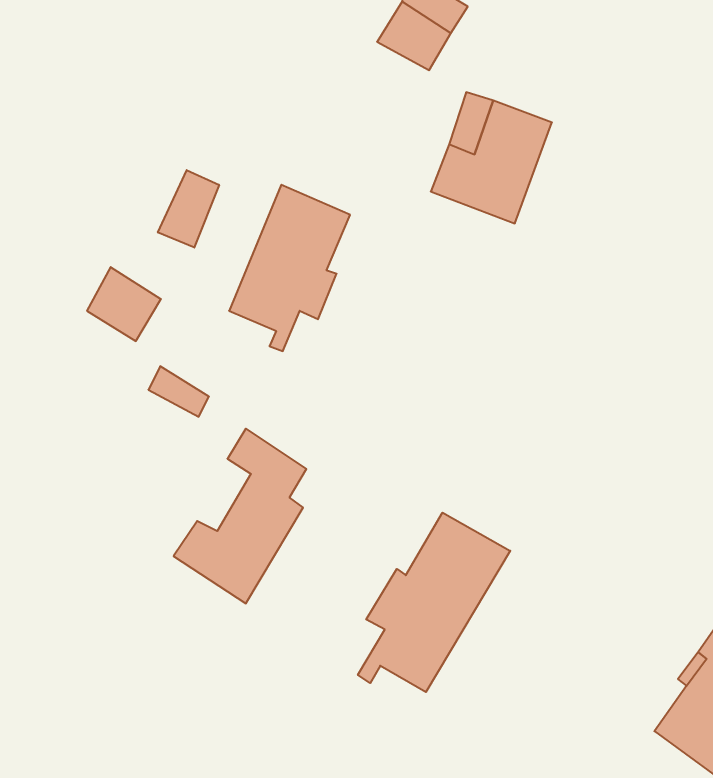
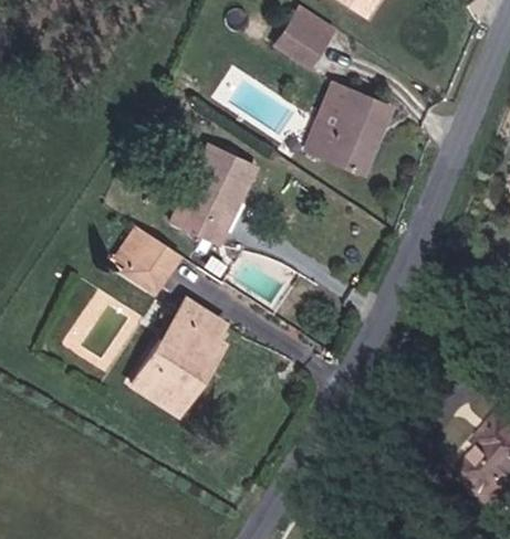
building: [158,170,219,248] -> none
building: [87,267,161,341] -> [128,231,177,279]
building: [358,513,510,692] -> none

